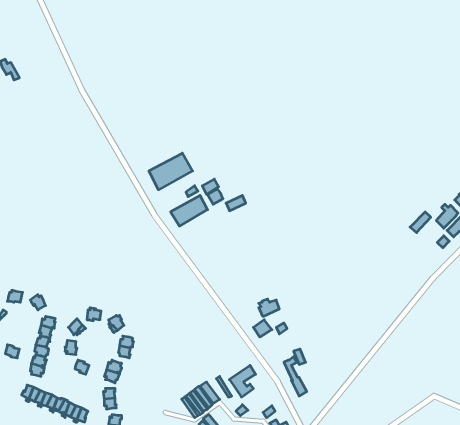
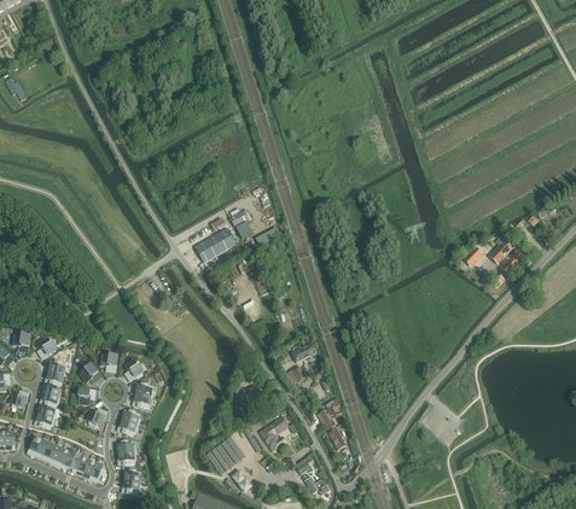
building: [149,153,193,190] -> none

